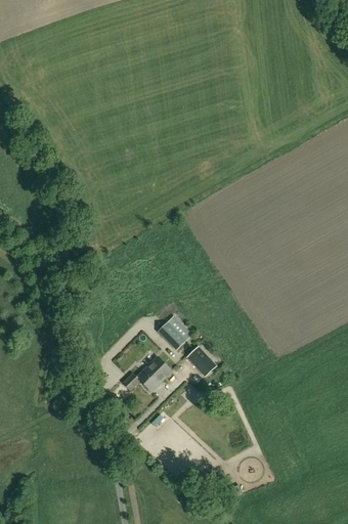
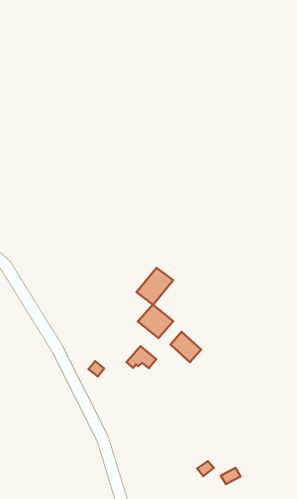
building: none -> [137,268,173,305]
building: [123,369,164,390] -> none

